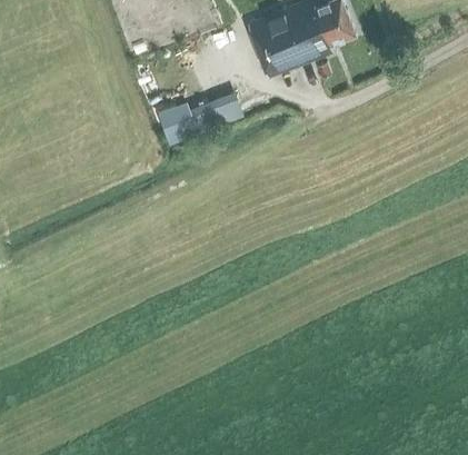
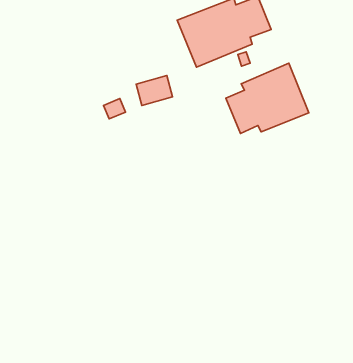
building: none -> [226,63,309,133]

